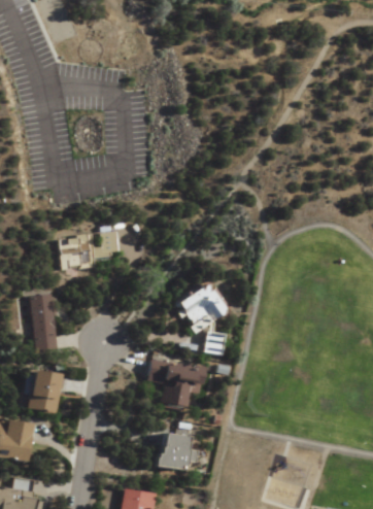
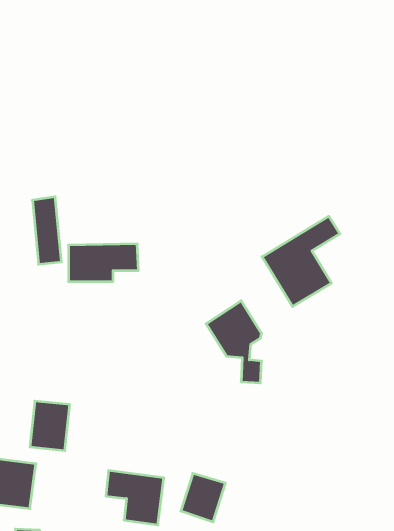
building: none -> [262,216,340,307]
building: [34,295,59,352] -> [32,197,61,264]
building: [149,362,199,408] -> [106,471,164,525]

